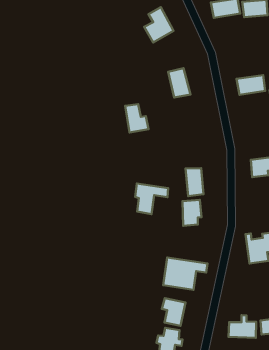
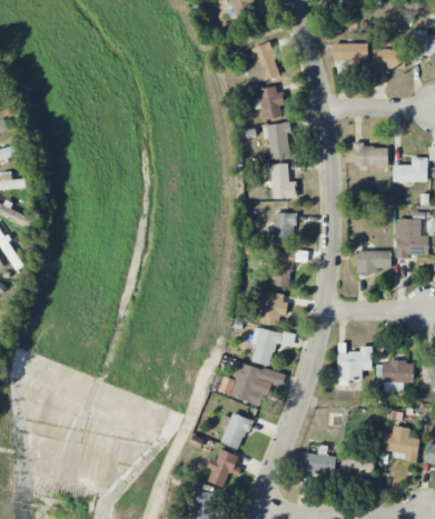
building: none -> [257,86,284,121]
building: [125,104,148,132] -> [271,164,297,199]
building: none -> [274,213,295,246]
building: [135,184,168,214] -> [251,326,295,367]

